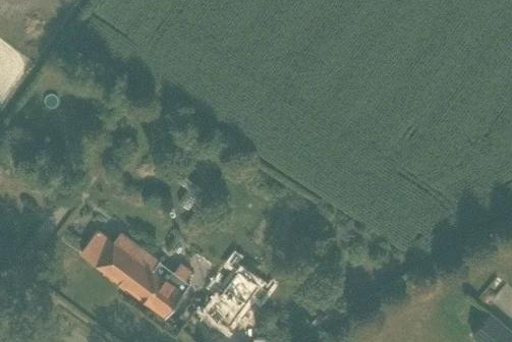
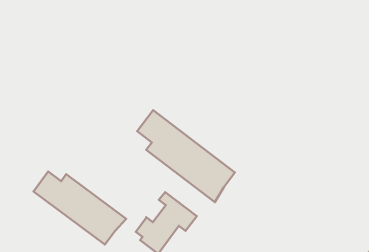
building: none -> [137,110,235,202]

